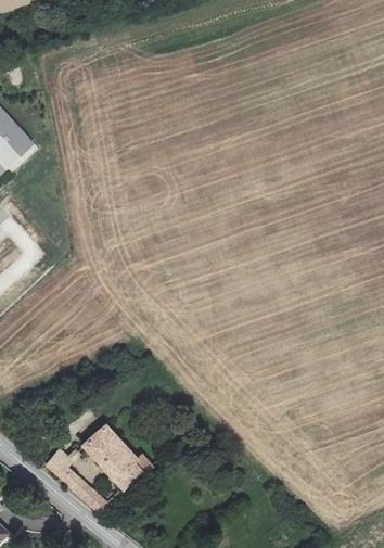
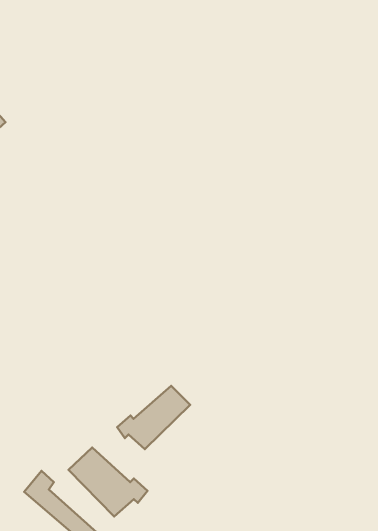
building: none -> [117,386,190,449]

